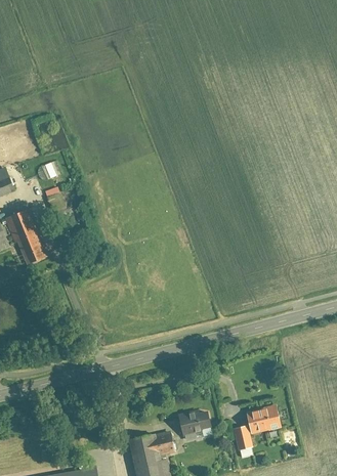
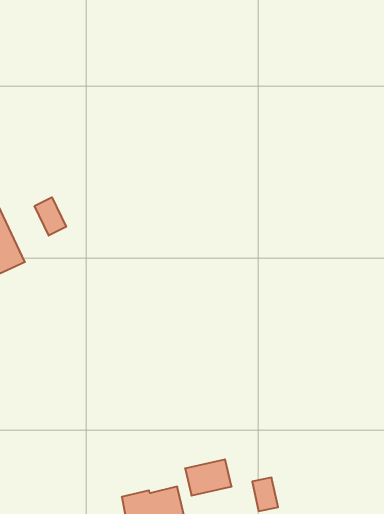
building: none -> [35,197,66,236]
building: [245,406,283,435] -> none

